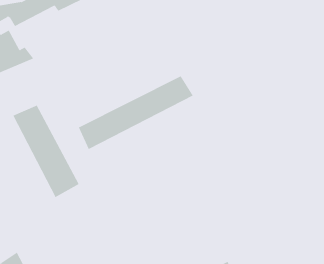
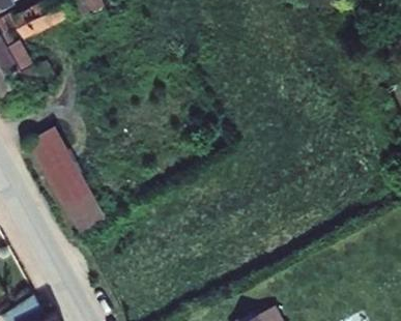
building: [78,75,194,150] -> none

